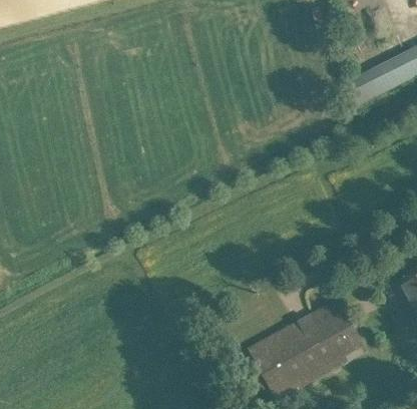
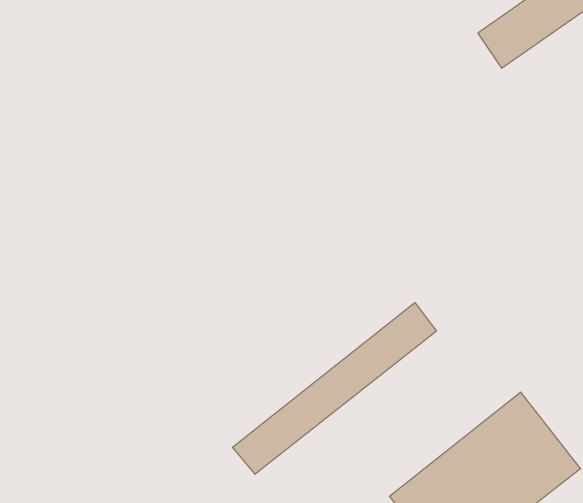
building: none -> [233,303,436,474]

